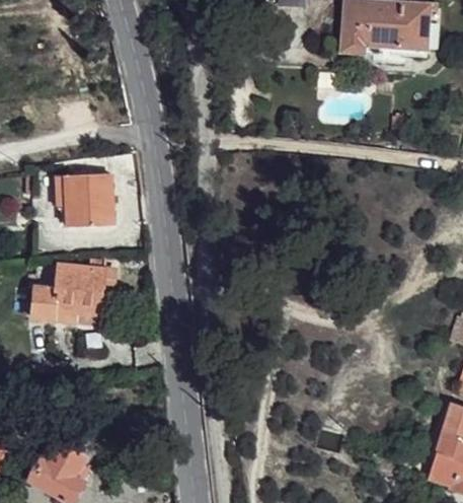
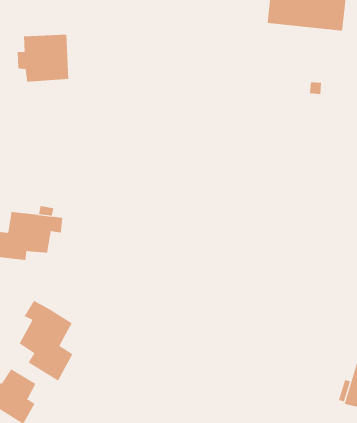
building: [55,171,113,225] -> [17,34,69,82]
building: none -> [19,300,73,381]

